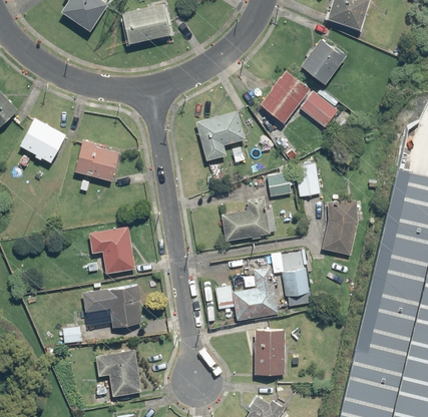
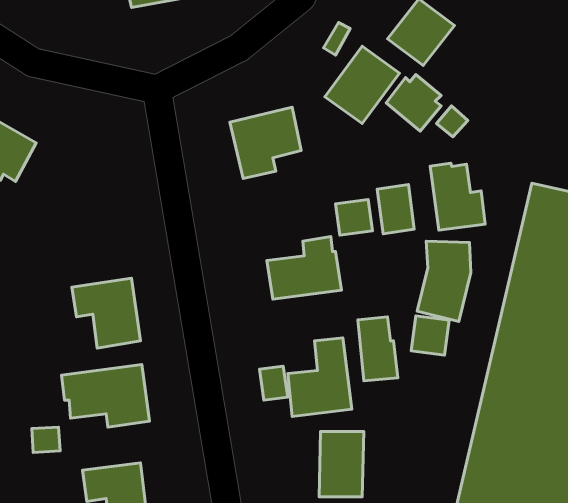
building: [74,143,119,181] -> none
building: none -> [430,163,485,230]
building: none -> [411,316,449,355]

